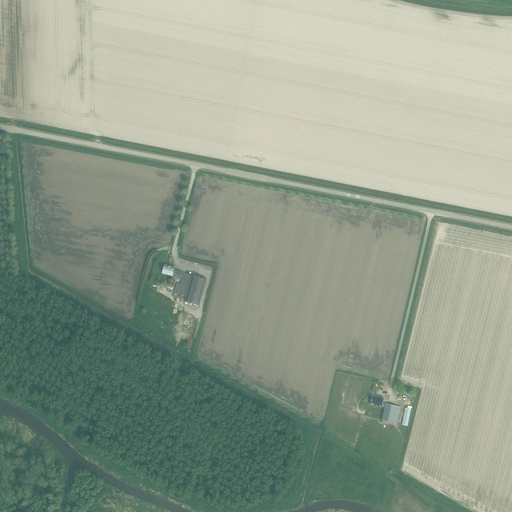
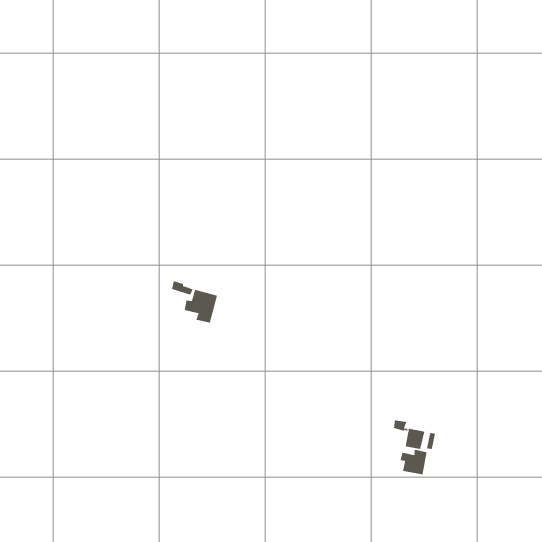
building: none -> [400,449,427,475]

